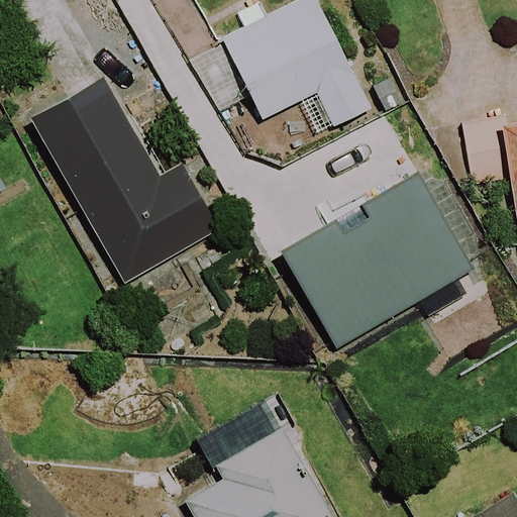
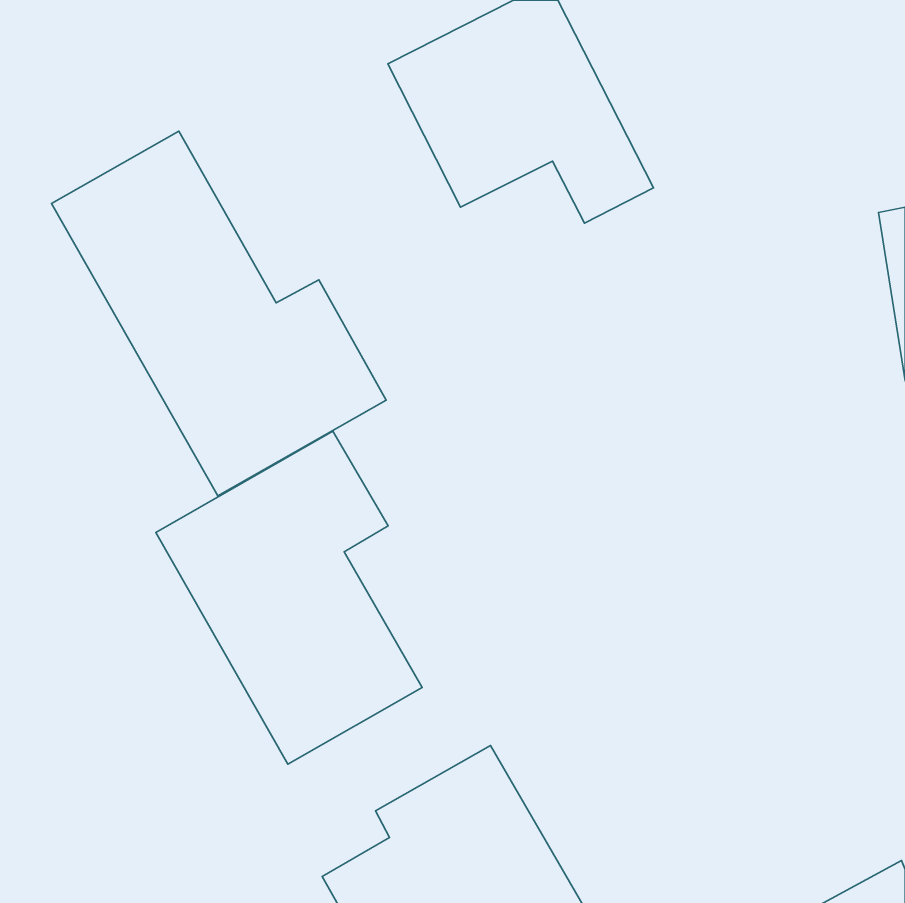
building: [280,171,474,347] -> none
building: none -> [156,431,422,764]

